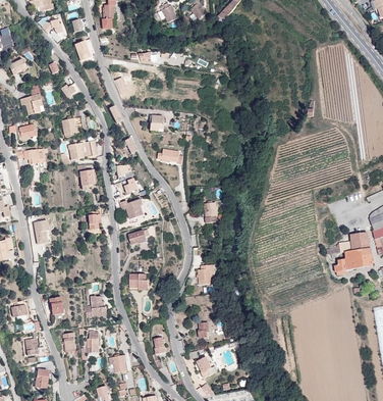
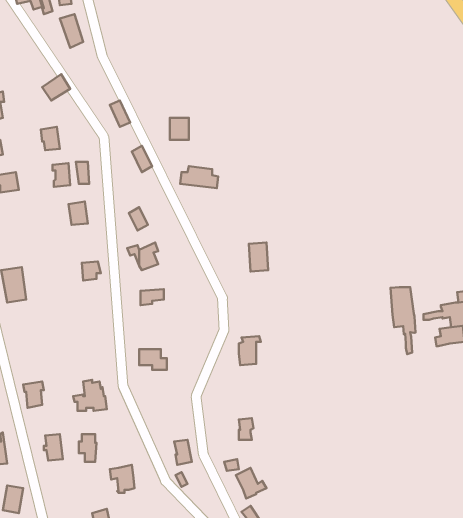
building: none -> [390,287,415,354]

